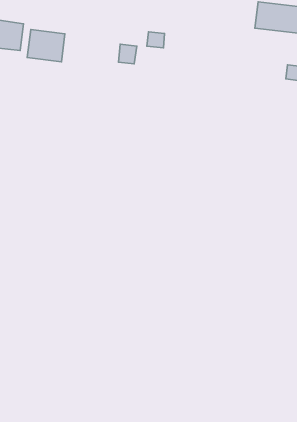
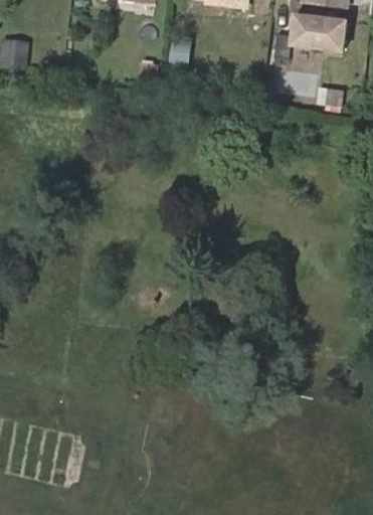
building: [27,29,65,62] -> none

